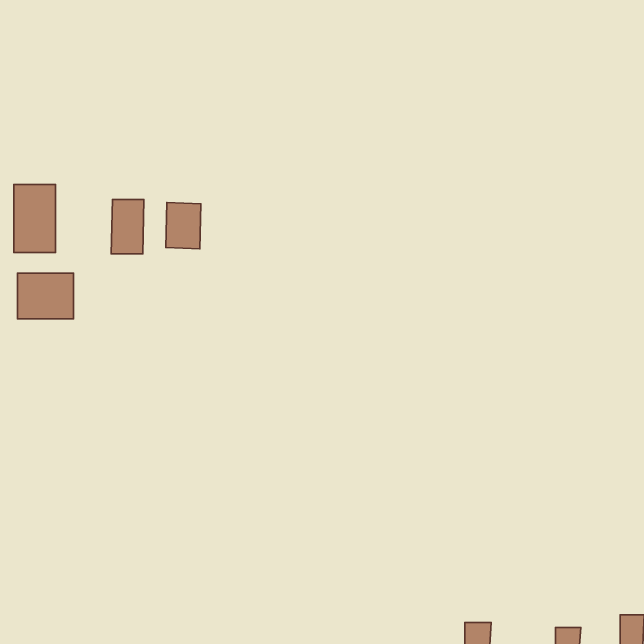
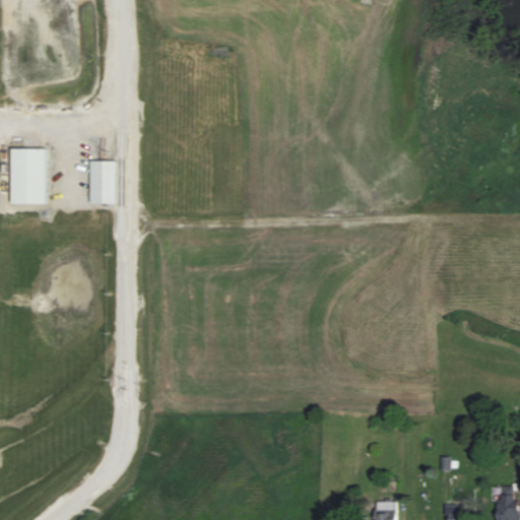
building: [166,202,201,249] -> none
building: [17,273,74,319] -> none

